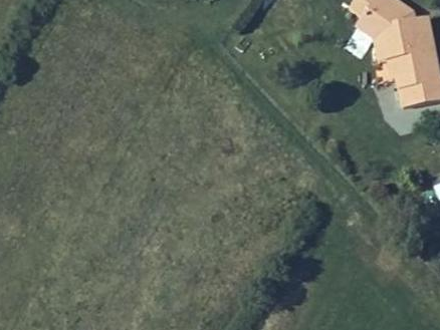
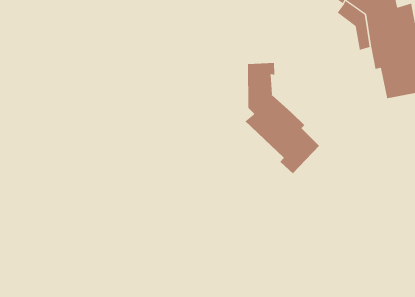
building: none -> [245,62,320,174]

